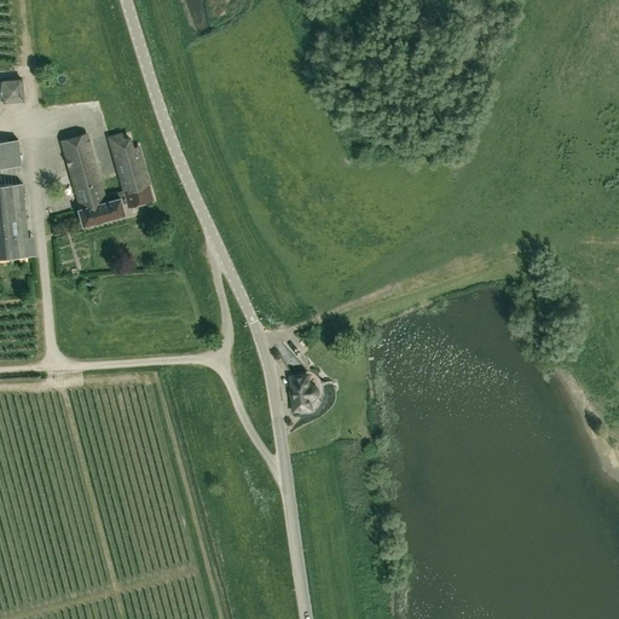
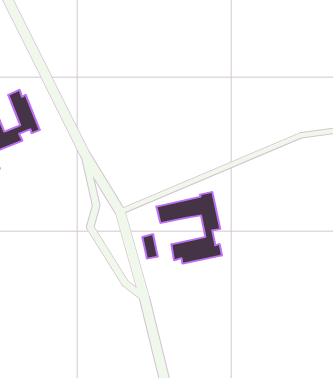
building: none -> [156,192,222,264]

